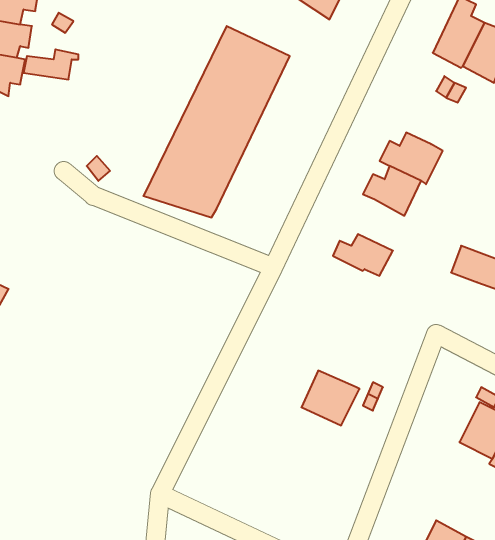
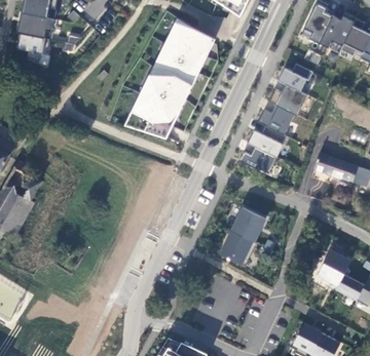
building: none -> [280,63,313,90]
building: none -> [249,124,287,156]
building: none -> [231,206,266,240]

